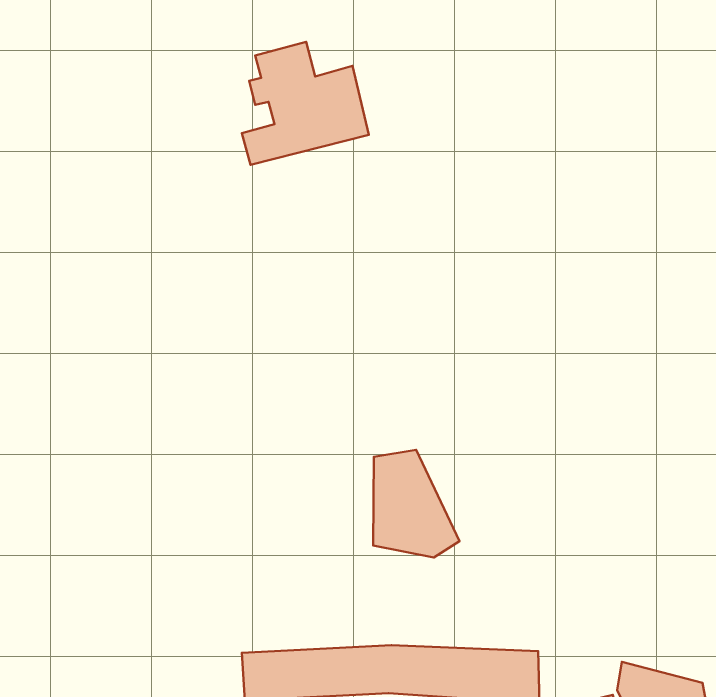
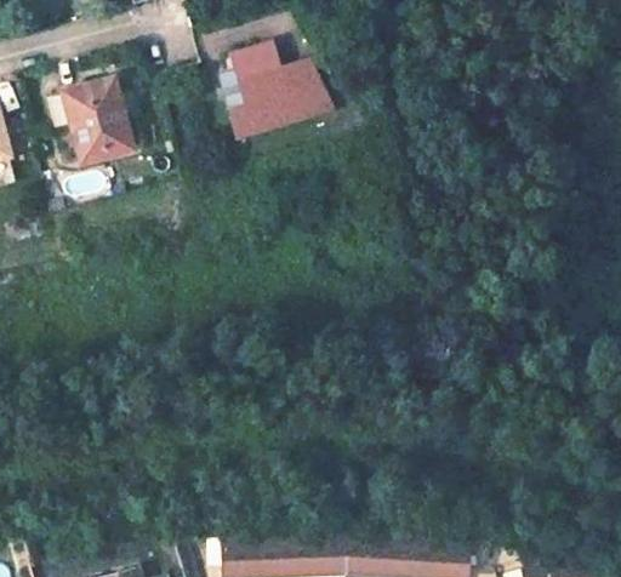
building: none -> [64,84,131,162]
building: [373,450,460,557] -> none

